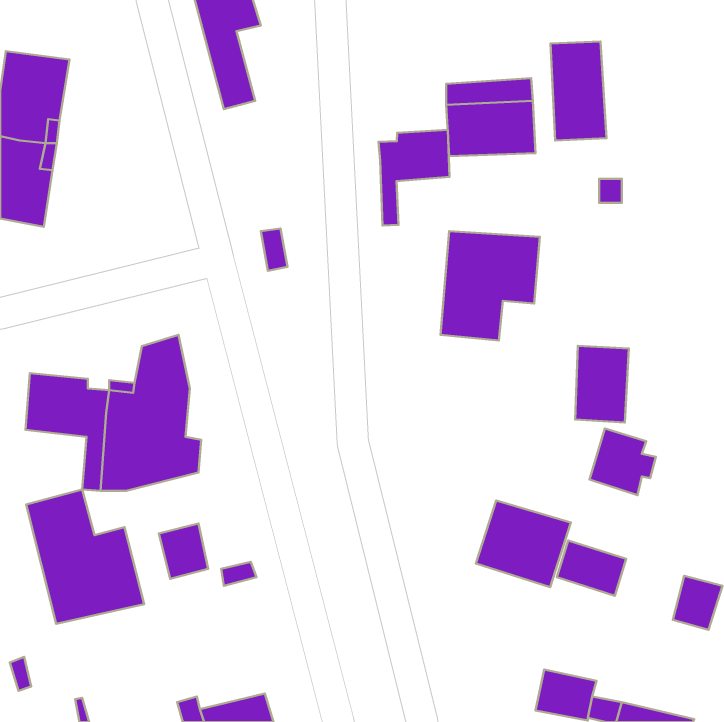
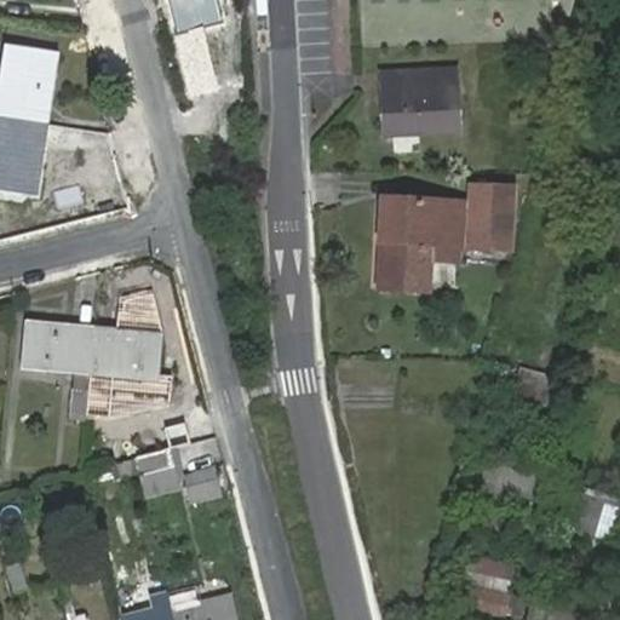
building: [550,41,607,140] -> none
building: [378,130,450,225] -> none
building: [575,346,629,422] -> [467,183,513,248]
building: [26,489,144,624] -> none
building: [476,501,571,587] -> none

